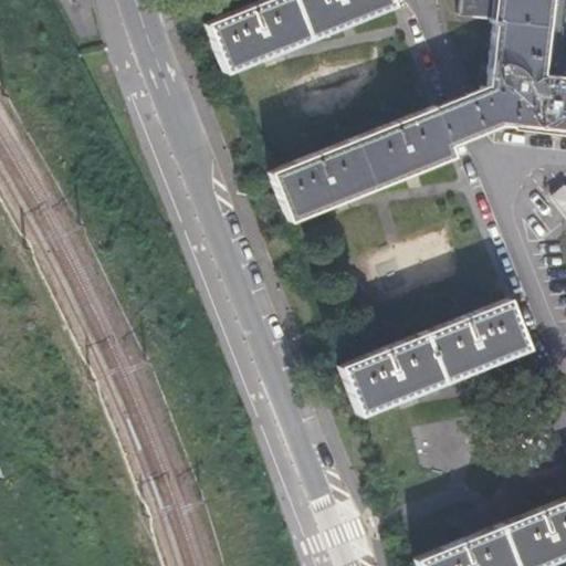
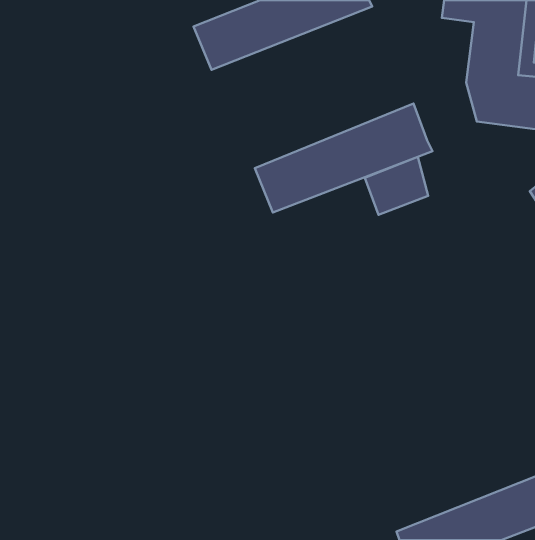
building: [438,86,504,147] -> [365,157,428,215]
building: [344,298,530,412] -> none

